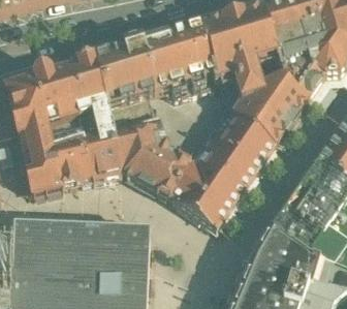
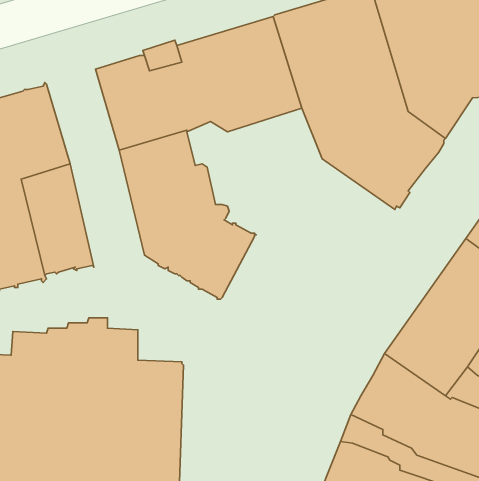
building: [63,54,123,175] -> none
building: [170,109,276,225] -> none

